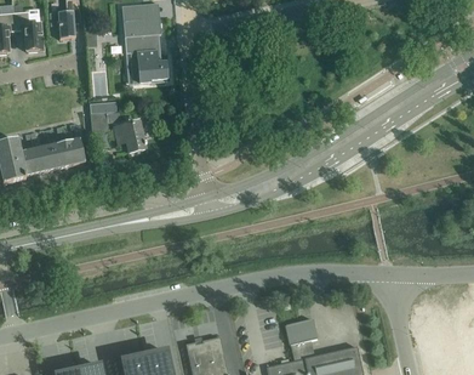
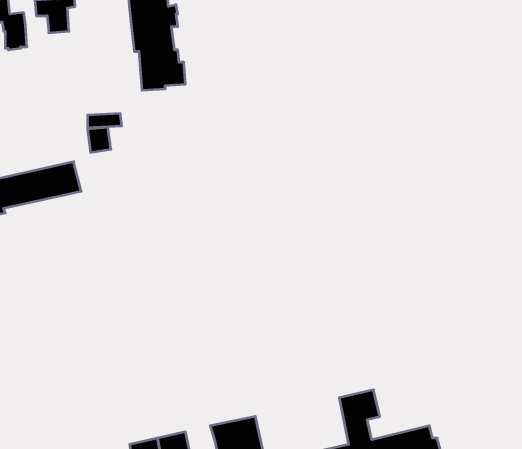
building: [114,121,145,152] -> none

